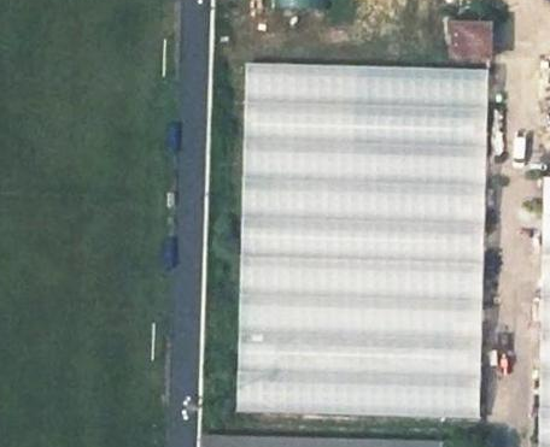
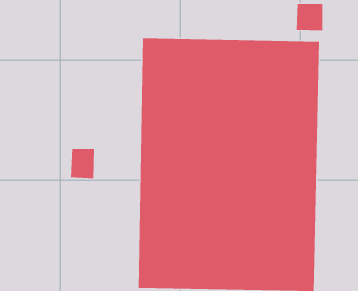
building: none -> [71,148,95,179]

